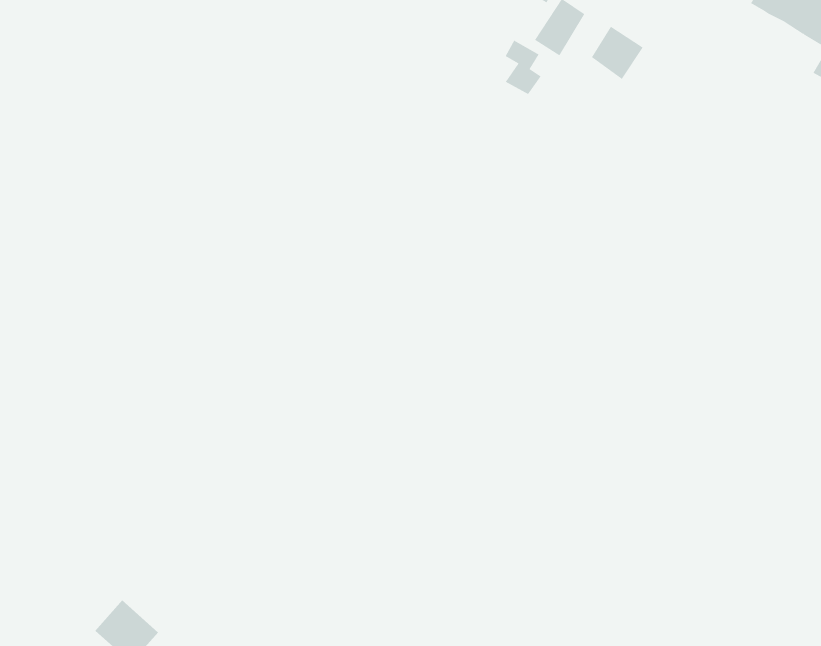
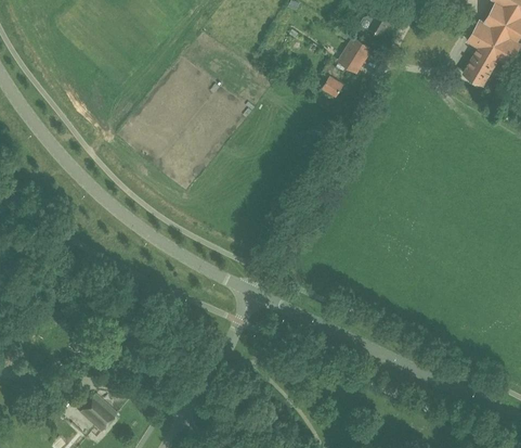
building: none -> [463,48,498,86]
building: [591,26,644,80] -> none

